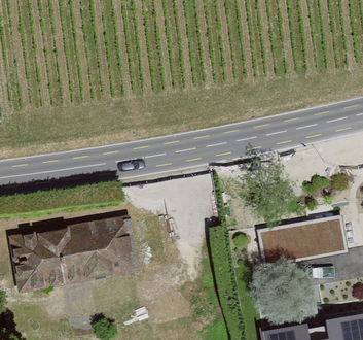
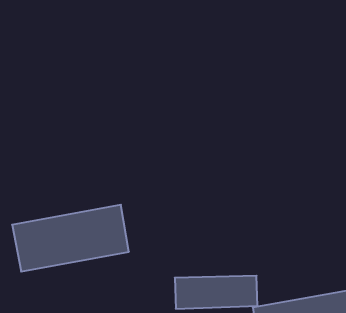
building: [261,223,347,257] -> [175,276,258,309]

